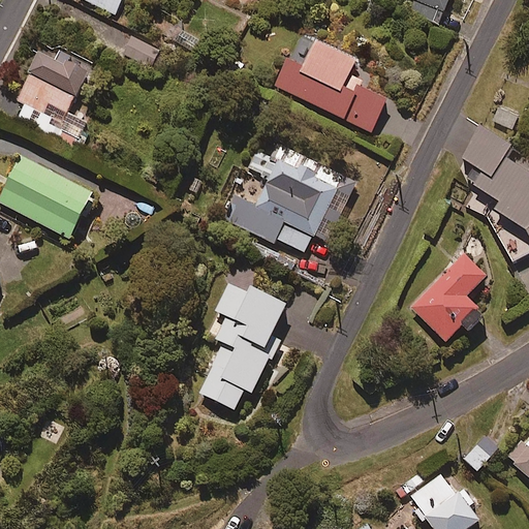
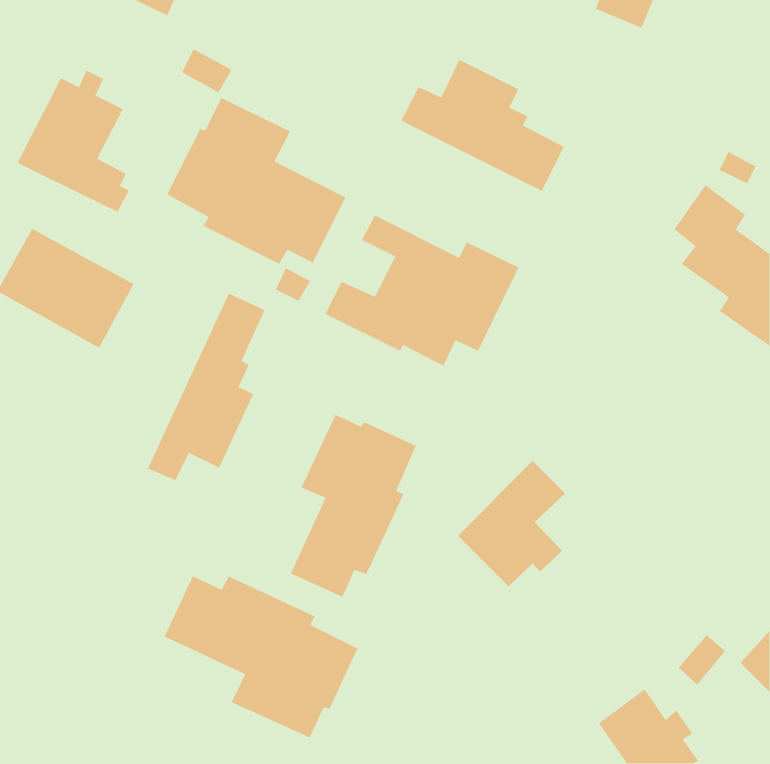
building: none -> [166,97,347,265]
building: none -> [147,293,266,481]
building: [411,254,486,341] -> [457,460,566,587]
building: none -> [164,575,359,739]

